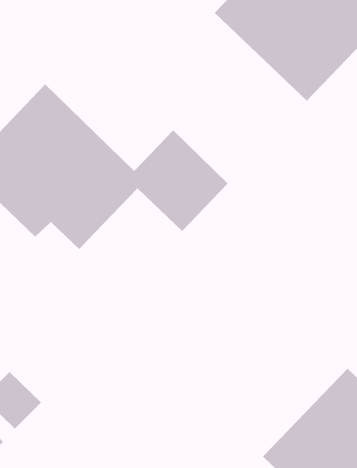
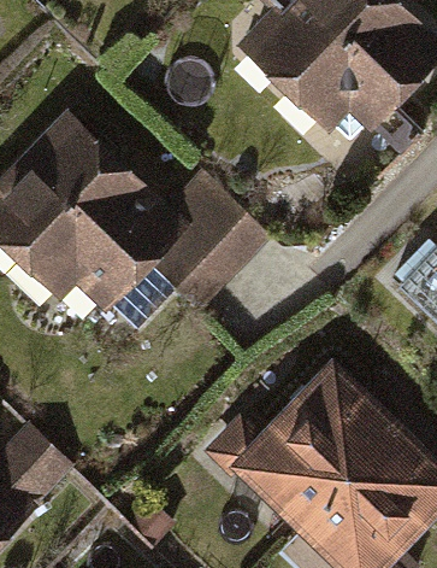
building: none -> [237,373,390,526]

